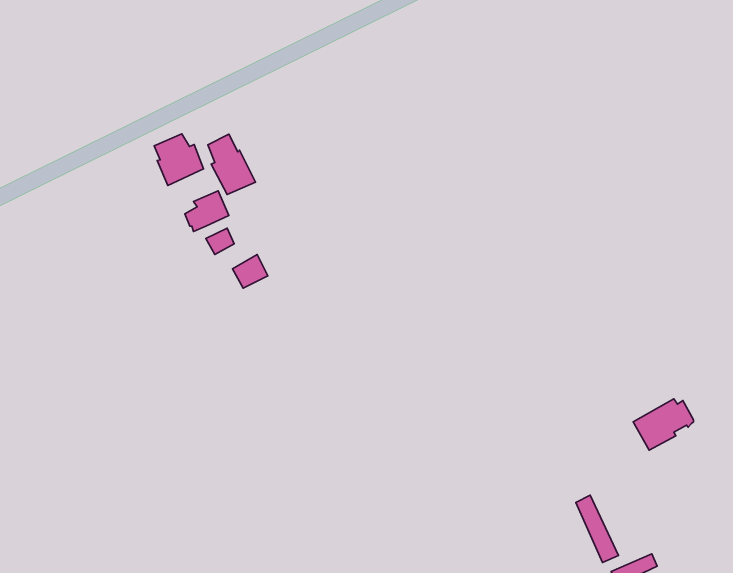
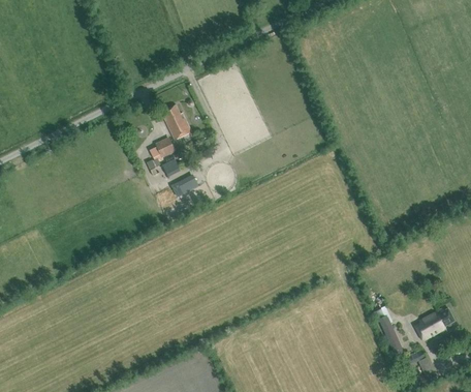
building: [154,134,204,186] -> none
building: [633,399,693,450] -> [418,308,453,338]

